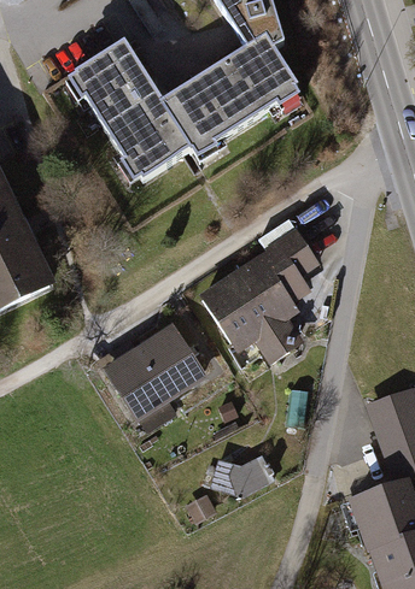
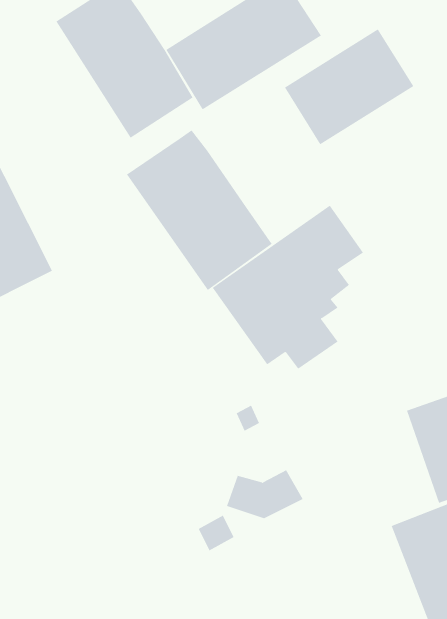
building: none -> [284,29,414,145]
building: none -> [126,130,272,291]
building: [106,332,193,426] -> none

